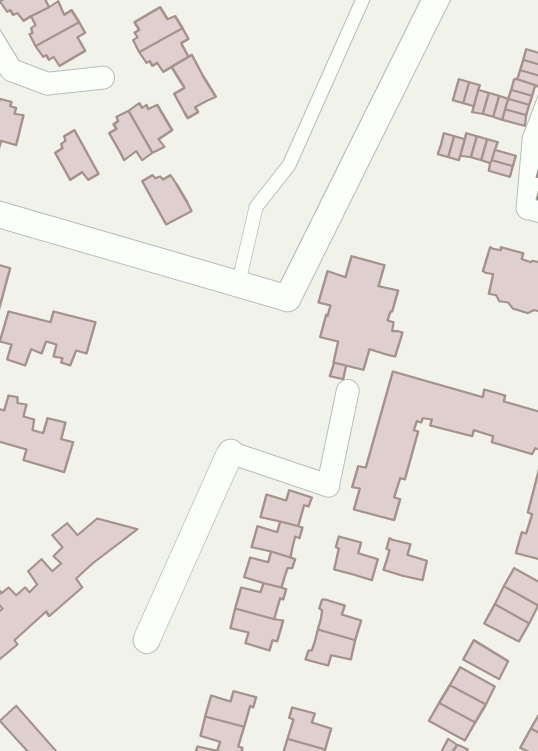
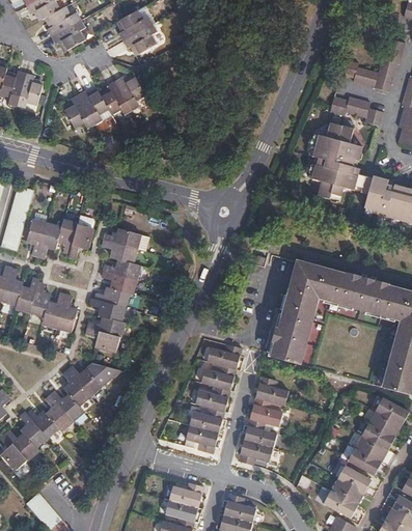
building: [172,55,216,118] -> none
building: [142,175,192,225] -> [78,90,112,124]
building: [319,256,403,370] -> [307,122,365,201]
building: none -> [86,228,146,351]
building: [383,538,427,580] -> [251,397,281,426]
building: none -> [354,436,385,462]

